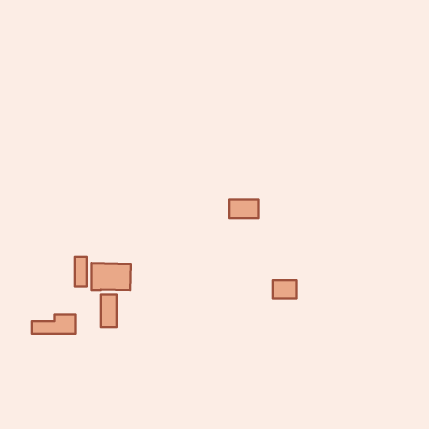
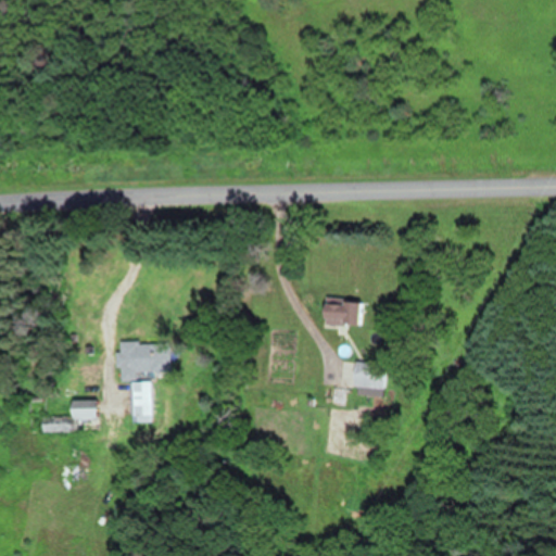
building: [229,200,258,218] -> [324,301,362,325]
building: [75,257,87,287] -> none

